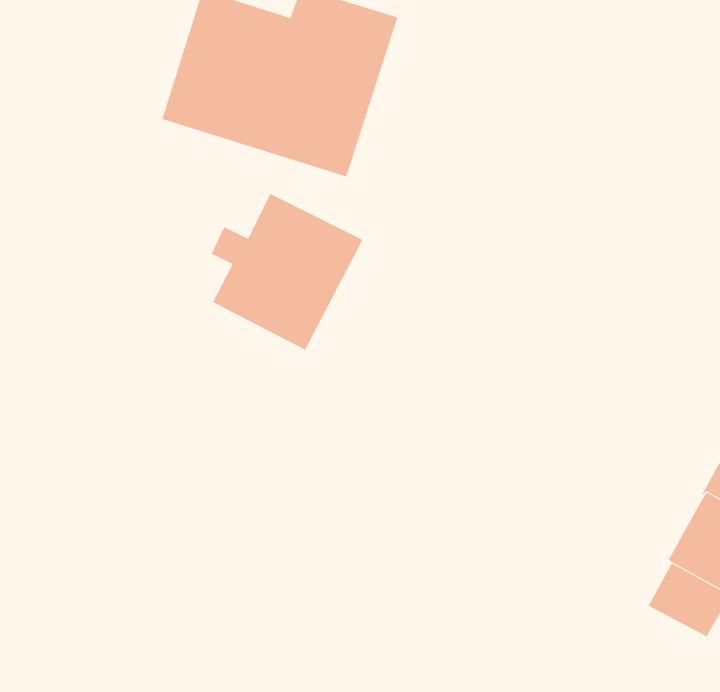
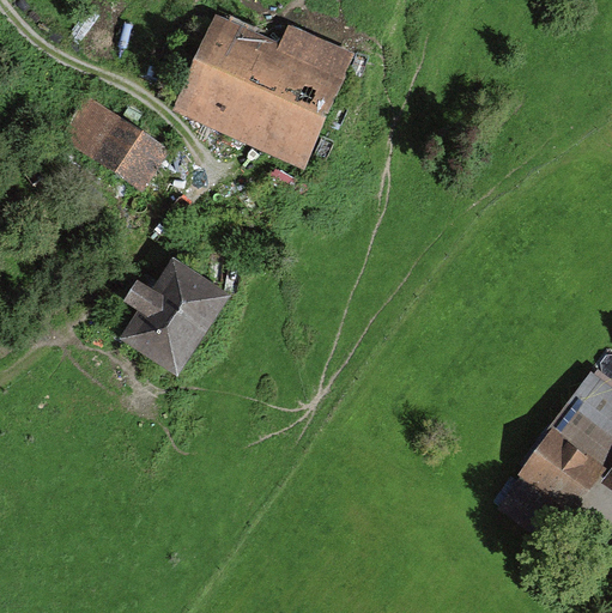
building: none -> [56,98,166,190]
building: [211,193,363,351] -> [122,257,240,377]

